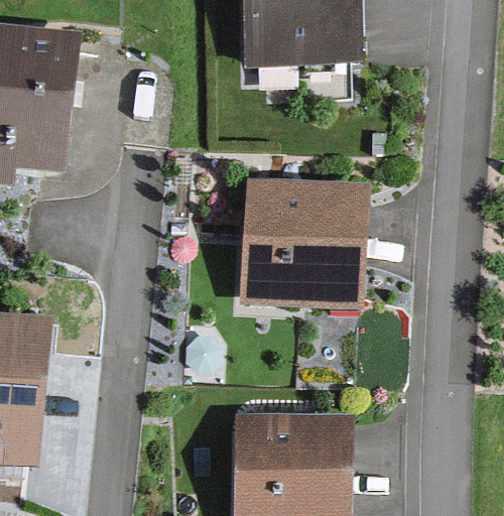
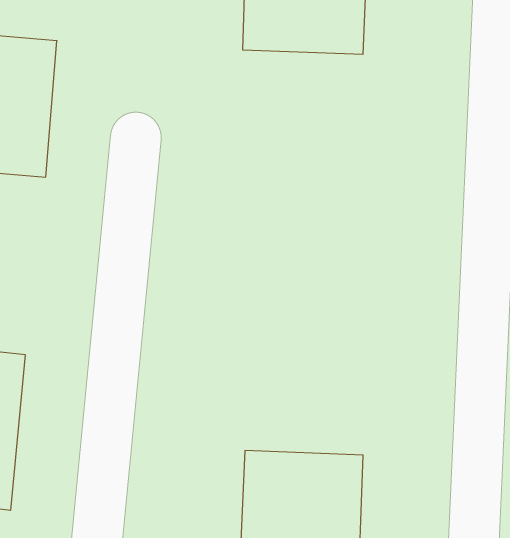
building: [247,178,357,313] -> none

